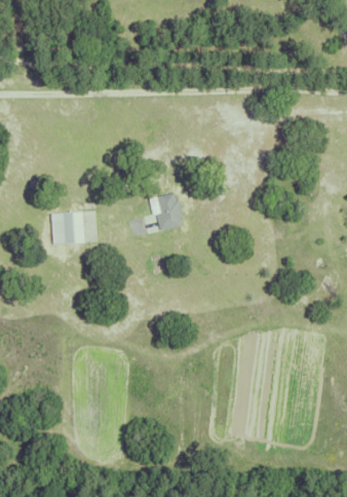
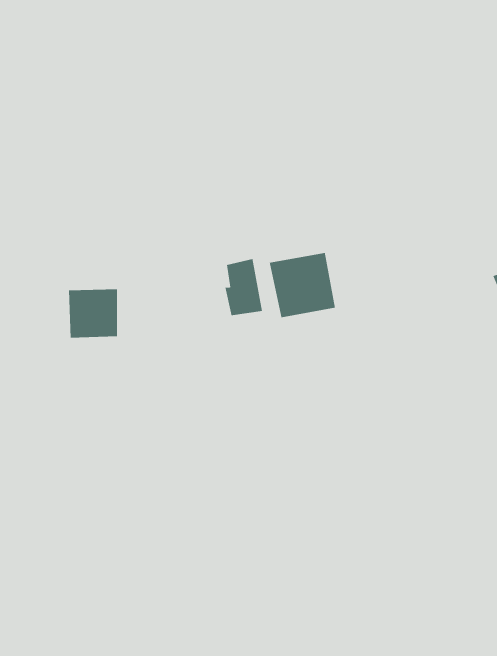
building: none -> [269,252,335,318]

